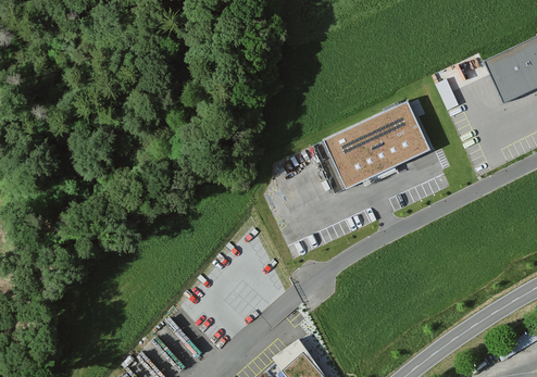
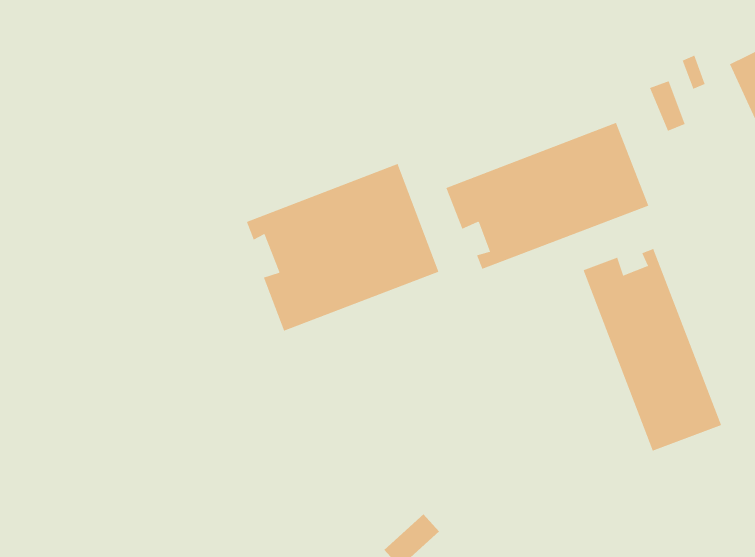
building: none -> [246,163,439,332]
building: none -> [583,248,722,451]

